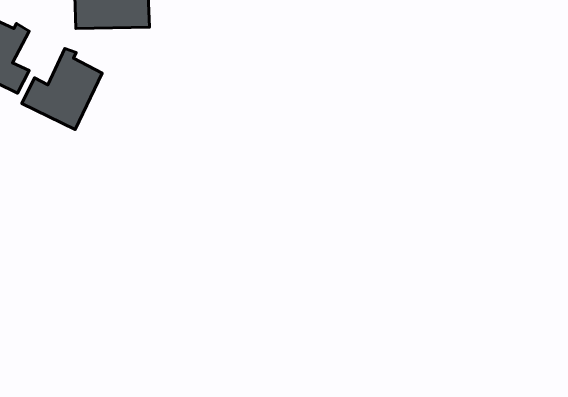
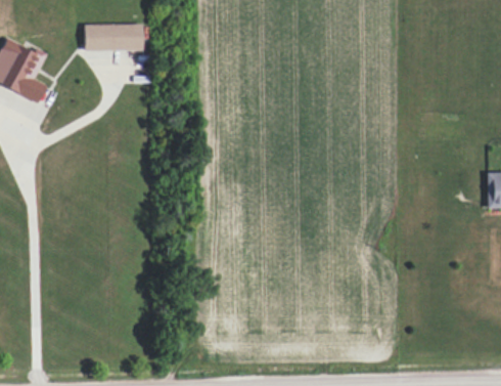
building: [22,48,102,130] -> none

